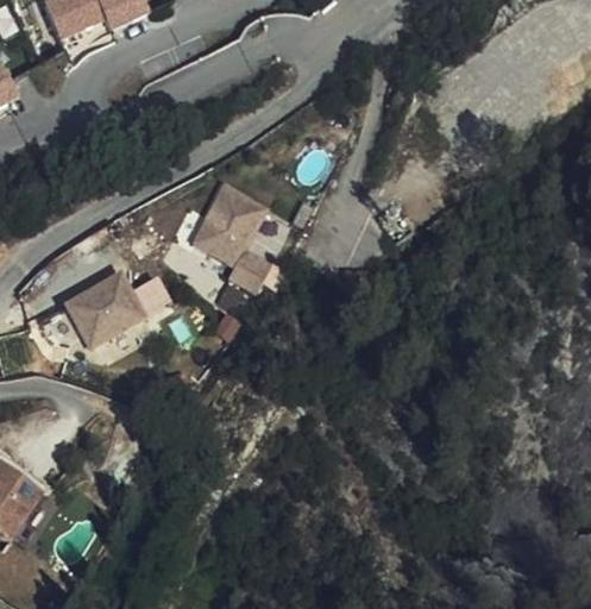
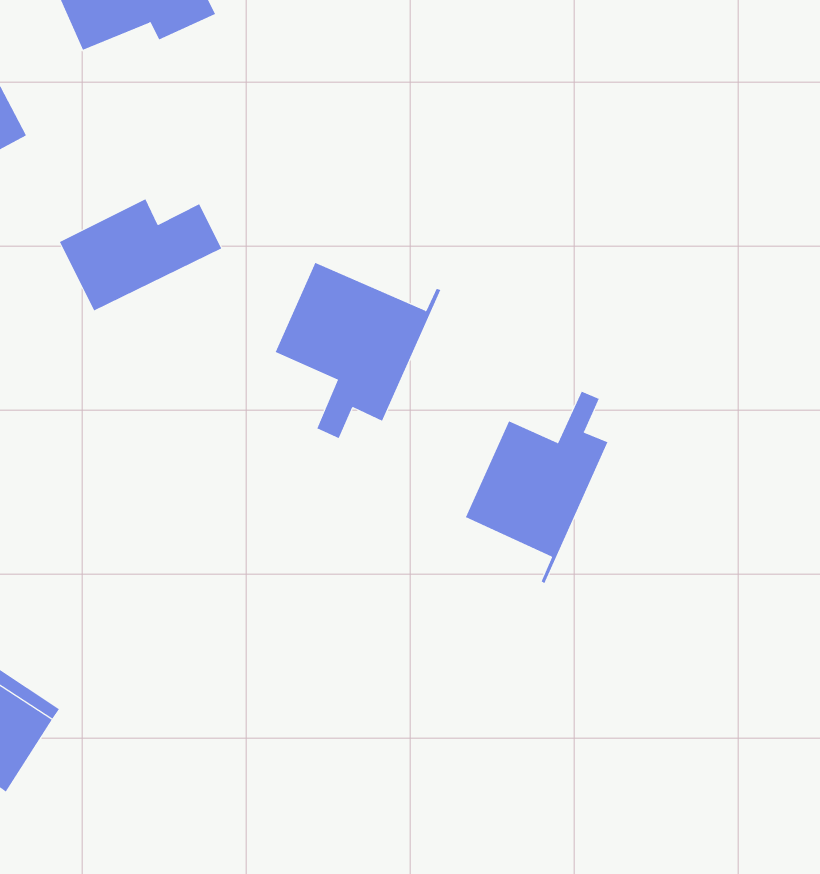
building: [62,271,174,349] -> [59,198,222,311]
building: none -> [465,391,608,584]

